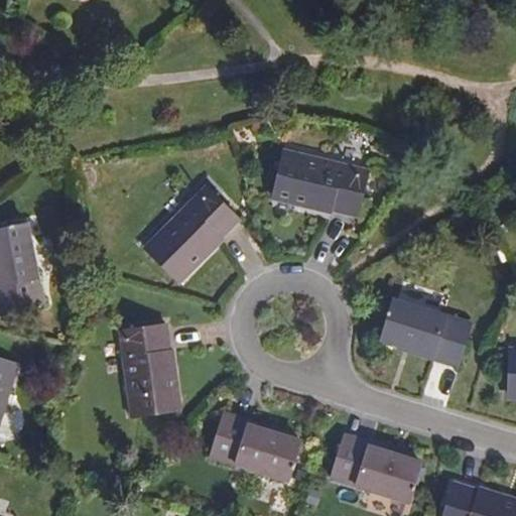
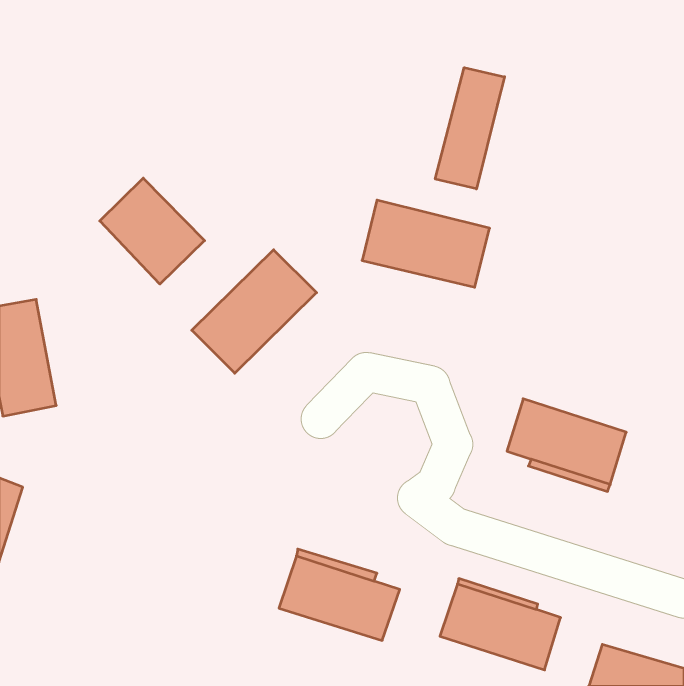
building: none -> [435,68,505,189]
building: none -> [100,178,205,284]
building: [121,325,176,416] -> none

